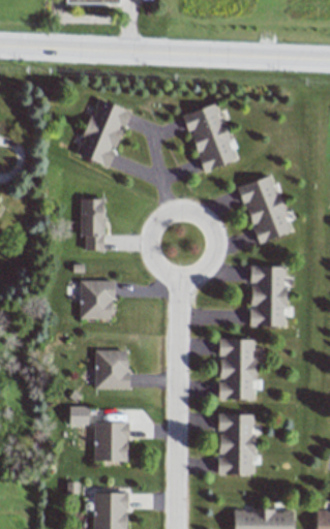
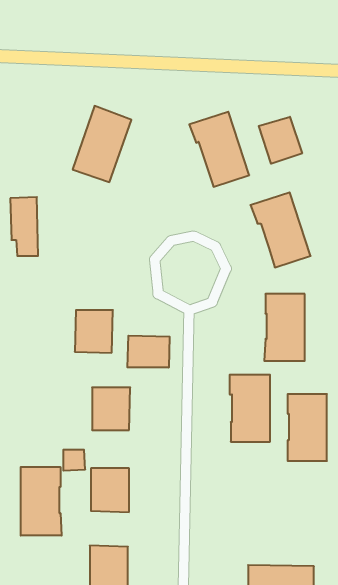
building: none -> [259,117,302,164]
building: [81,198,106,251] -> [10,197,38,256]
building: none -> [127,336,170,368]
building: [219,414,254,474] -> [288,394,327,461]
building: none -> [21,467,62,536]

